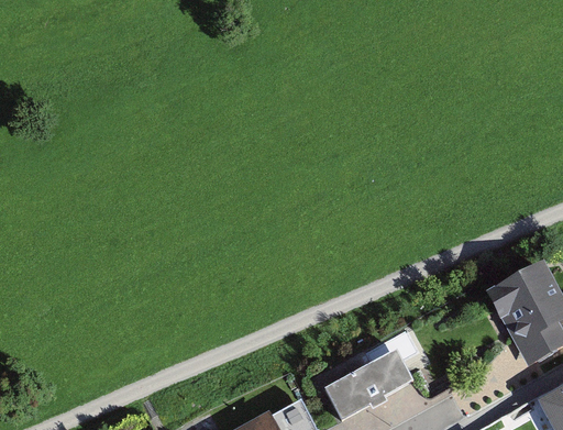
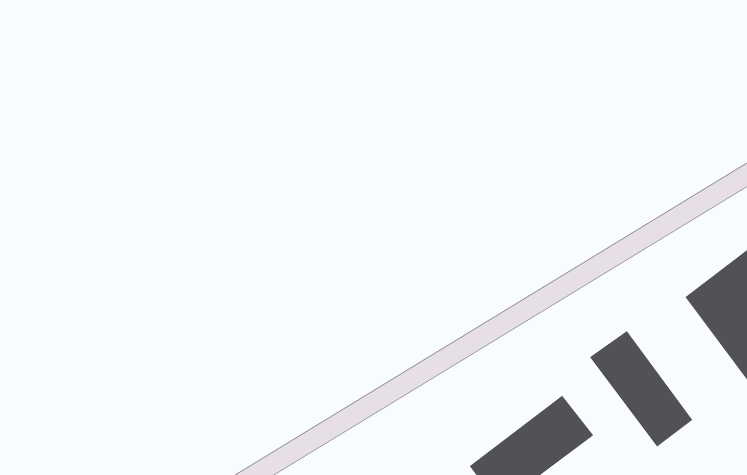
building: none -> [589,330,693,448]

